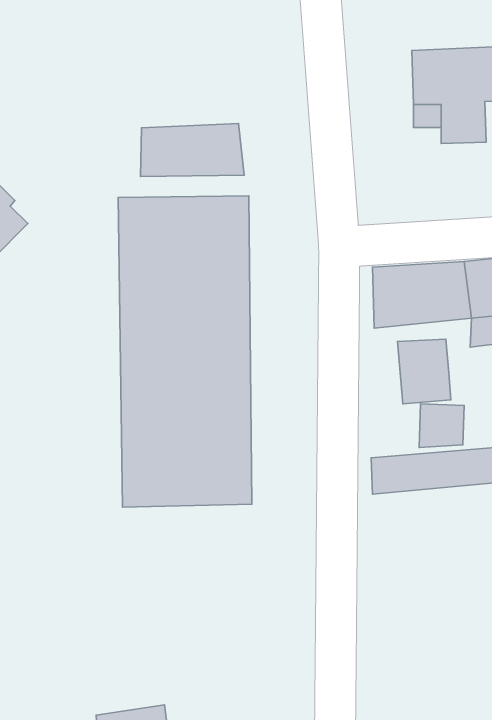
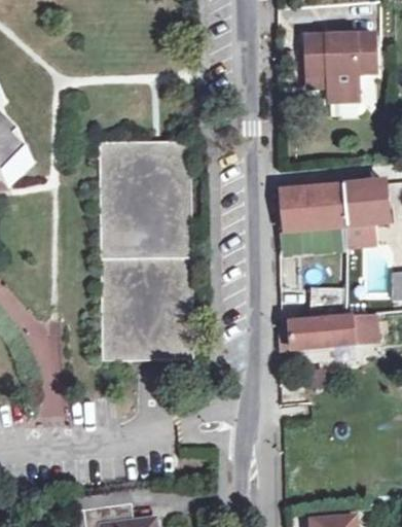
building: [141,124,244,176] -> none
building: [398,339,451,404] -> none

